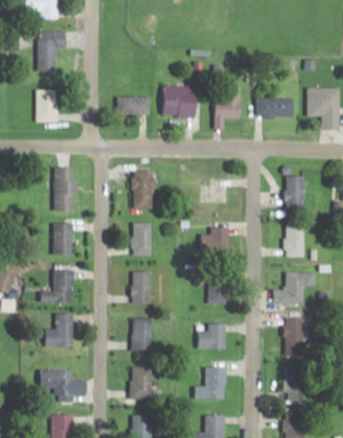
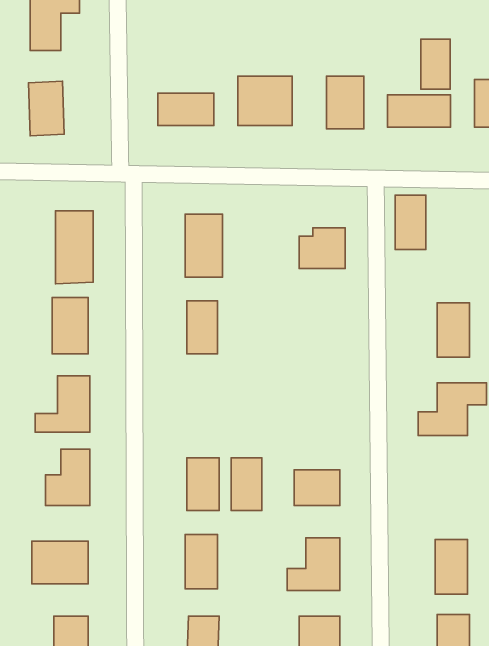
building: none -> [421,39,450,89]
building: [286,176,305,210] -> [395,195,426,250]
building: [196,228,227,254] -> none
building: [132,272,151,304] -> [231,458,262,511]
building: [207,276,226,304] -> none
building: [285,319,305,357] -> none

